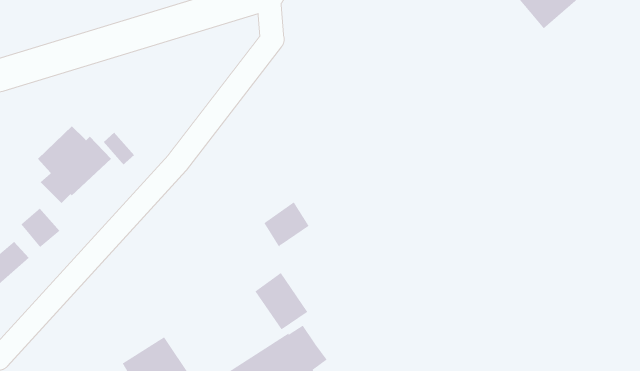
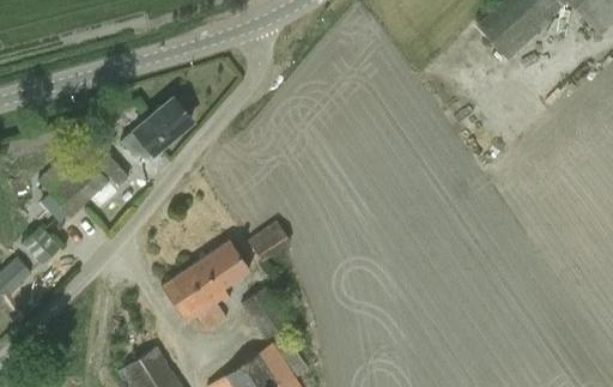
building: none -> [121,99,192,165]
building: none -> [162,241,250,332]

